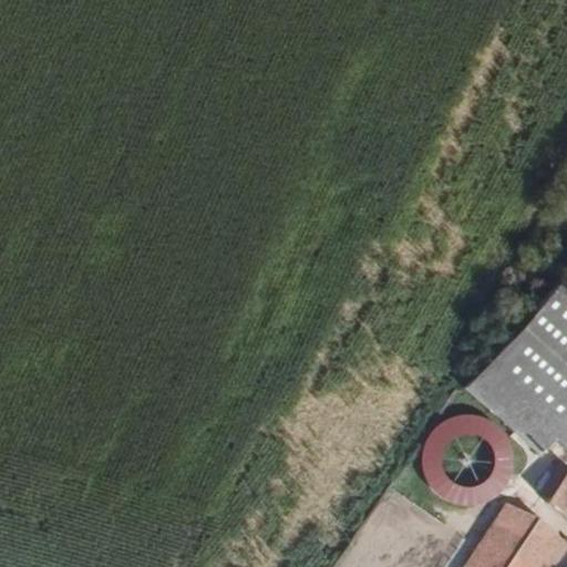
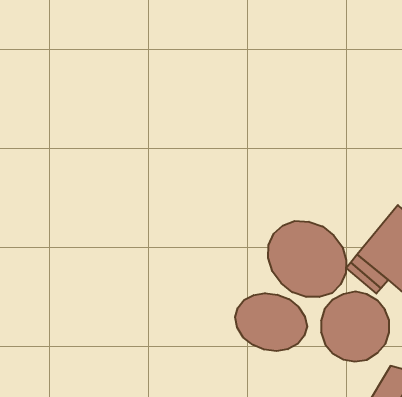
building: none -> [268,221,346,297]
building: none -> [235,293,307,351]

